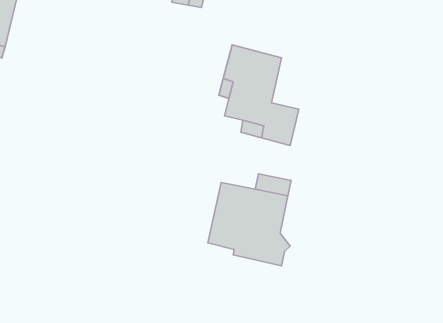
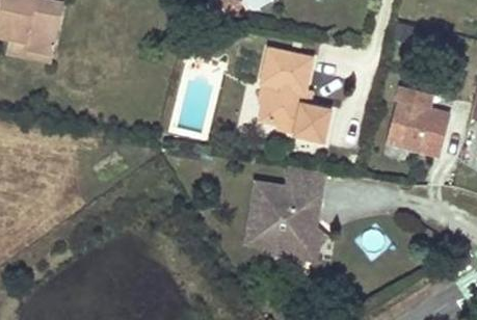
building: none -> [391,86,454,155]

